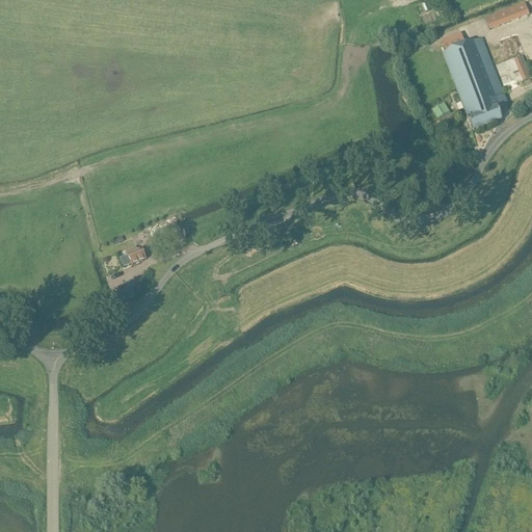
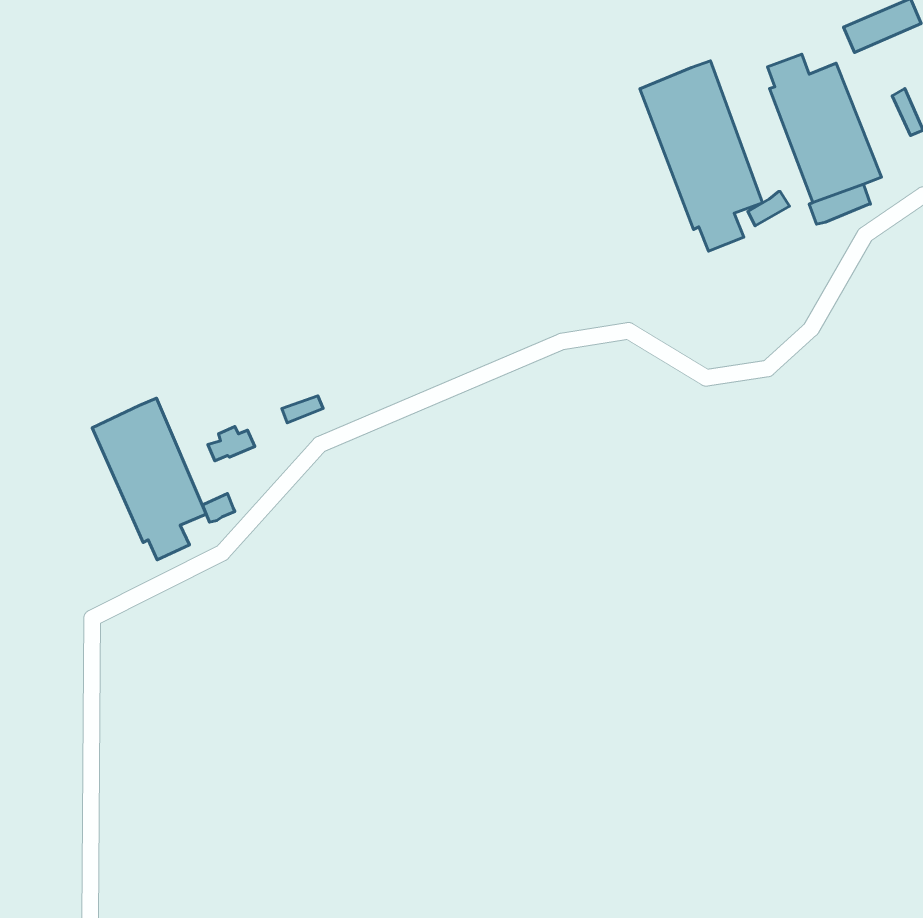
building: none -> [640,61,763,251]
building: none -> [92,398,206,560]

